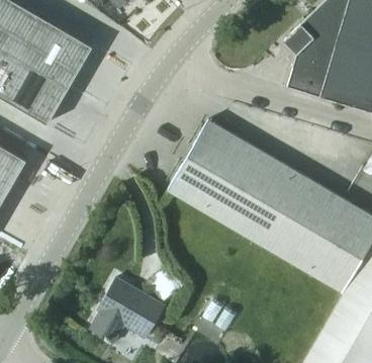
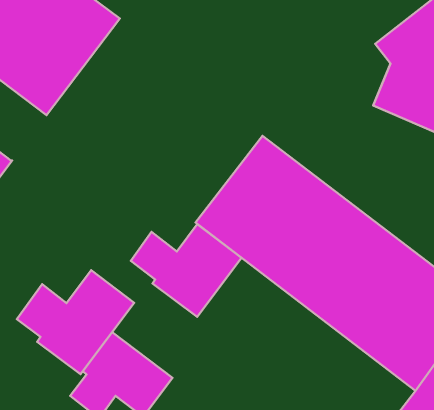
building: none -> [131,224,242,317]
building: none -> [17,270,134,374]

